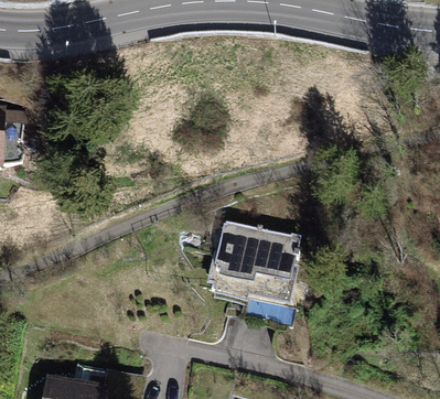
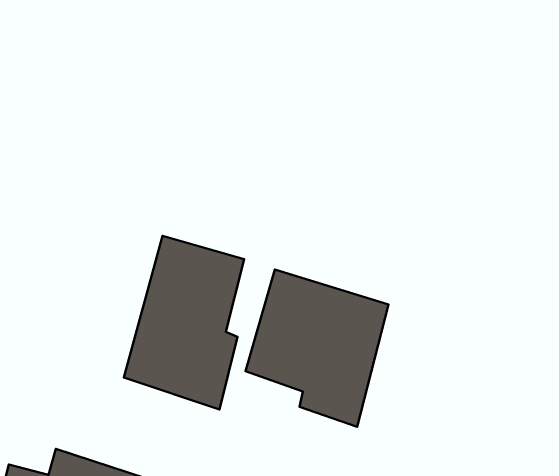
building: none -> [124,236,244,410]

